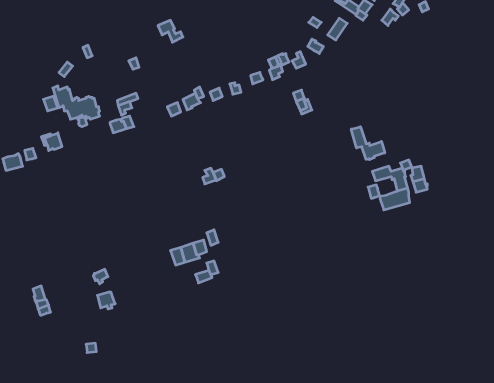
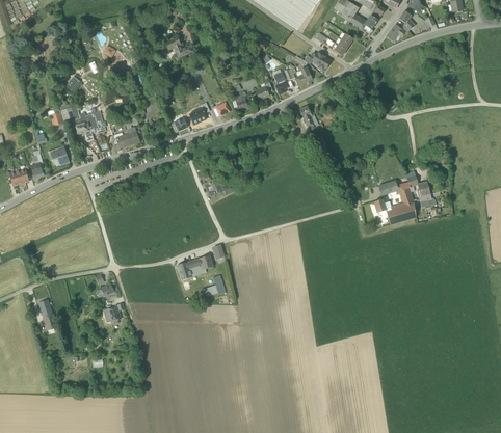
building: [351,127,385,160] -> none

